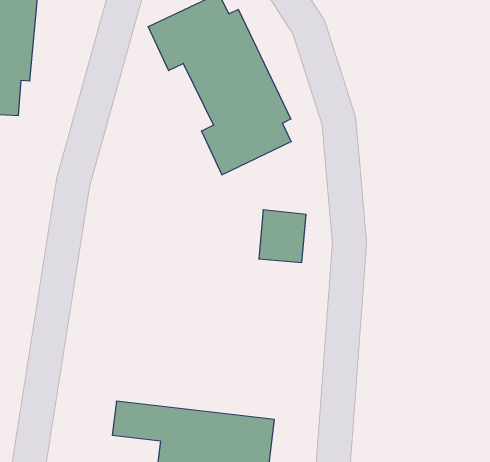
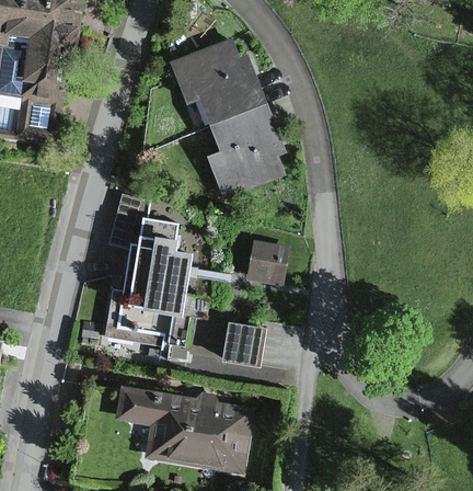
building: none -> [104,192,262,361]

